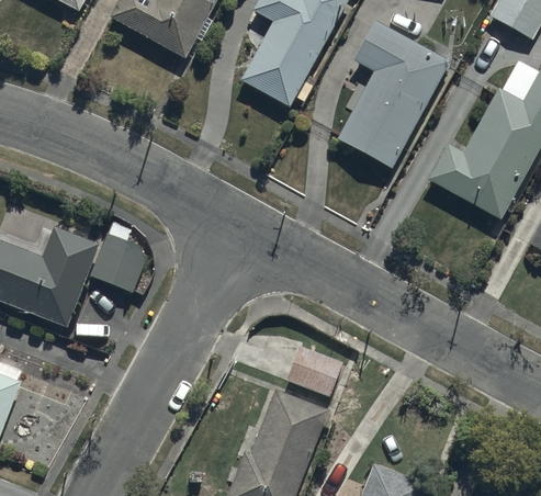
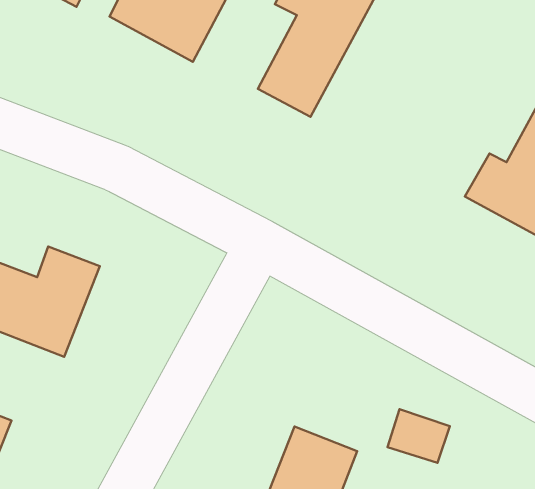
building: [336,20,451,169] -> none
building: [91,239,146,292] -> none
building: [285,348,341,396] -> [387,409,450,463]

